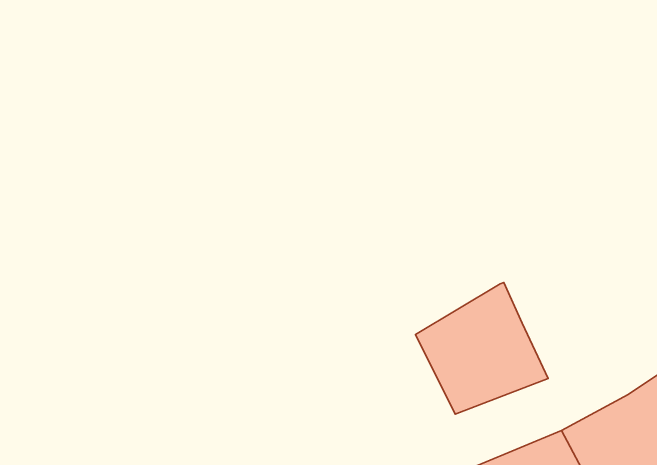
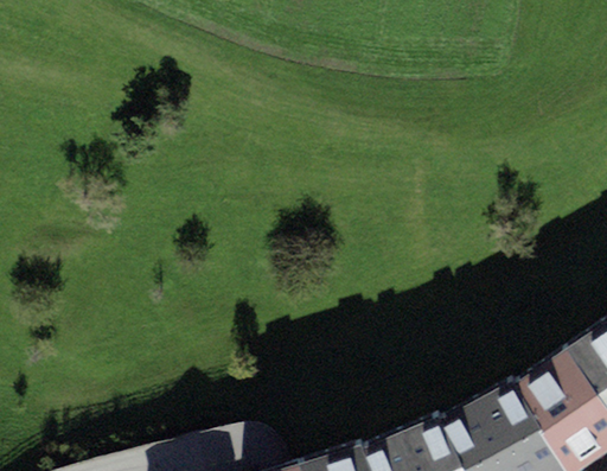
building: [415,282,548,414] -> none

